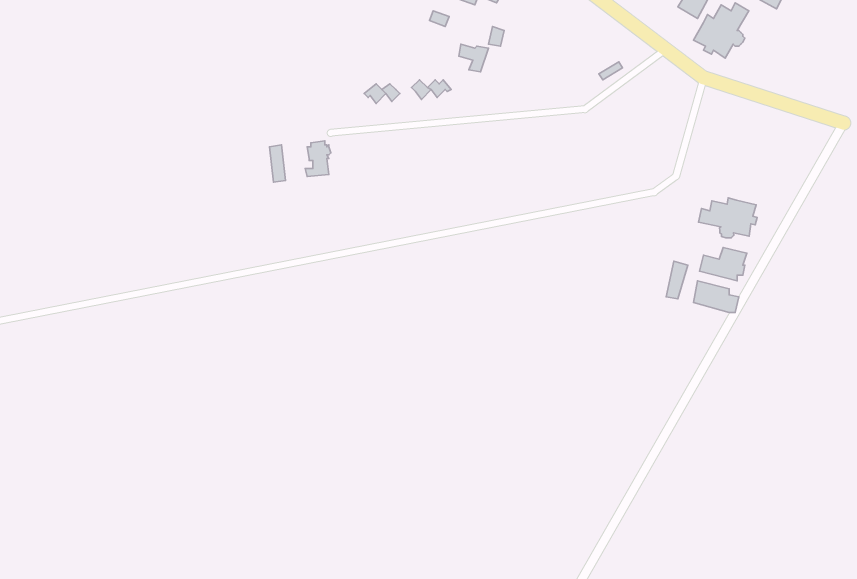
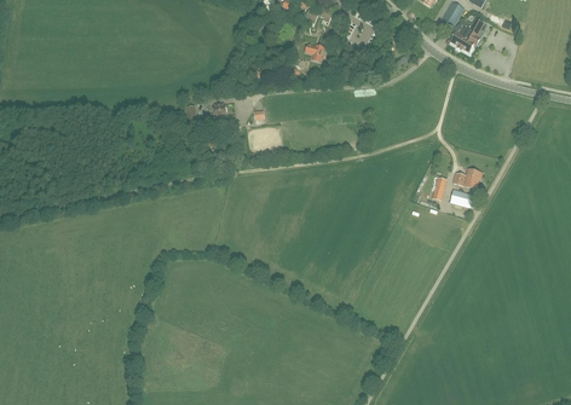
building: [698,198,757,238] -> none

